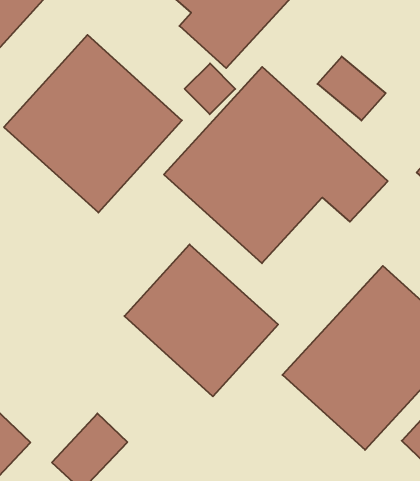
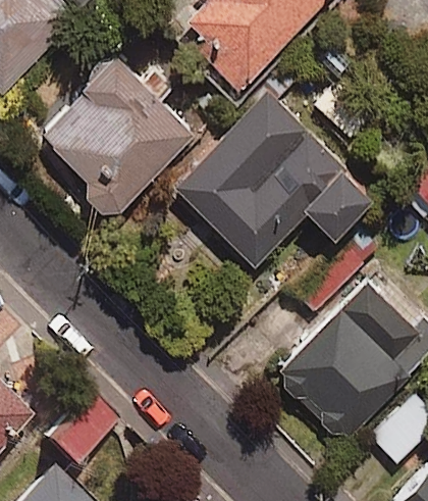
building: [124,244,278,396] -> none

